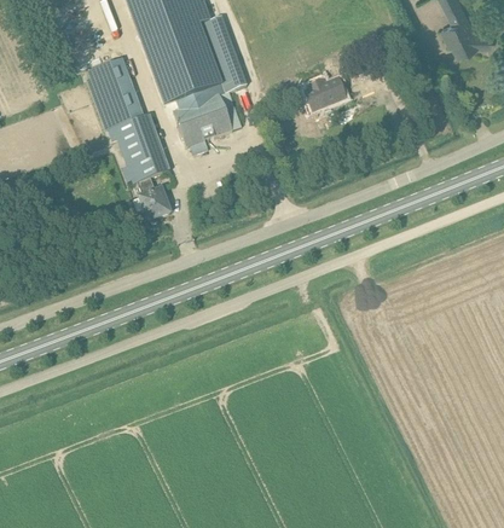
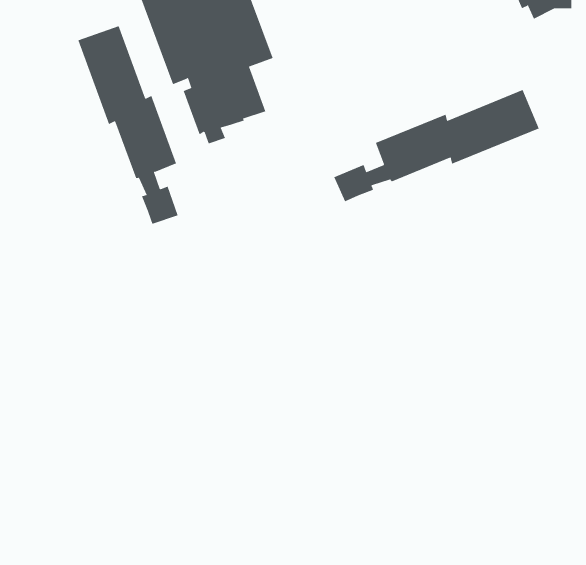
building: [303,79,343,109] -> none
building: none -> [334,89,539,202]

